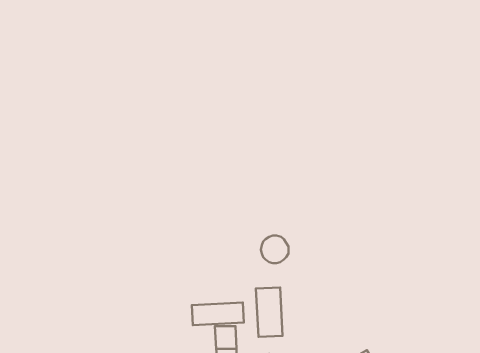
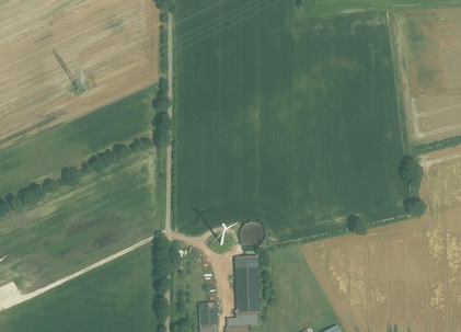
building: [192,303,244,325] -> none

